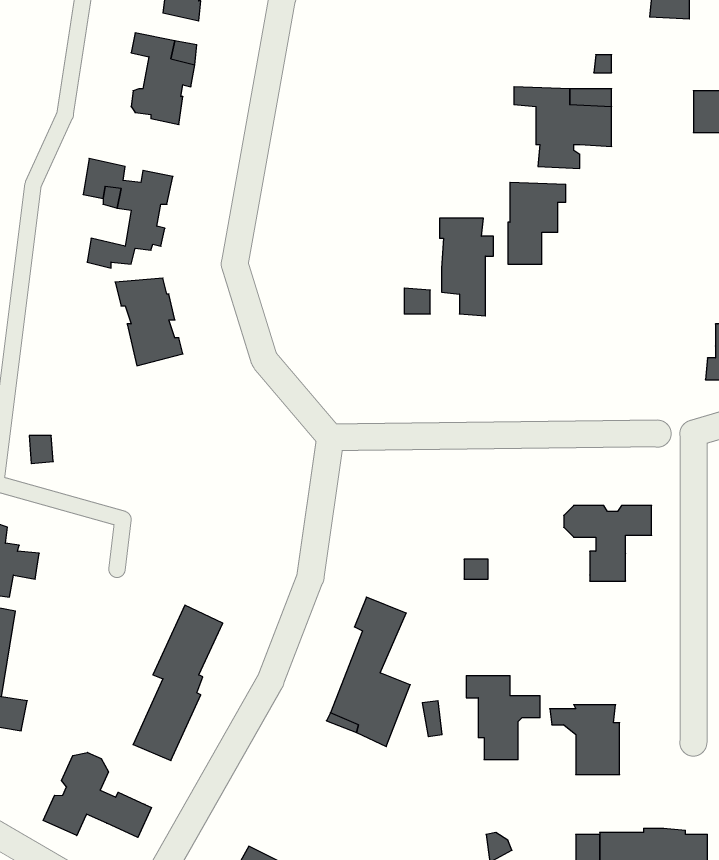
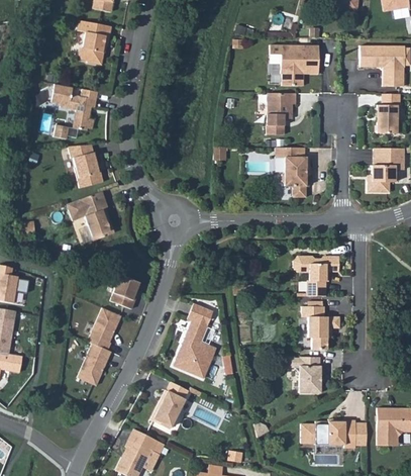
building: [440,218,493,316] -> [283,148,310,197]
building: none -> [66,189,111,237]
building: none -> [110,274,140,309]
building: [466,676,540,760] -> [303,307,340,350]
building: [43,752,152,837] -> none
building: none -> [151,382,191,431]

